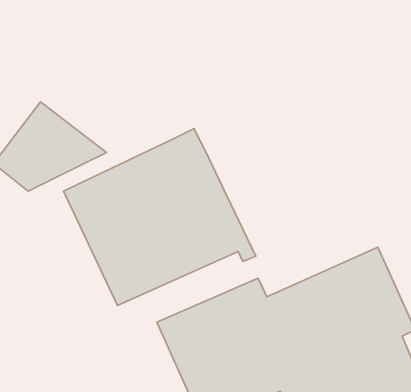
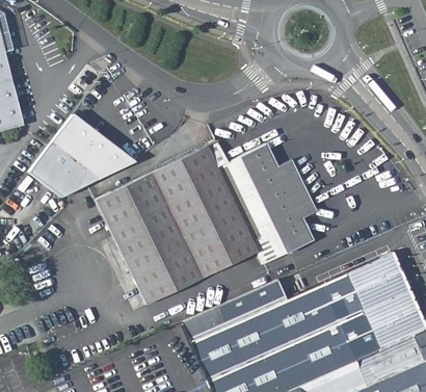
building: none -> [229,141,317,259]

